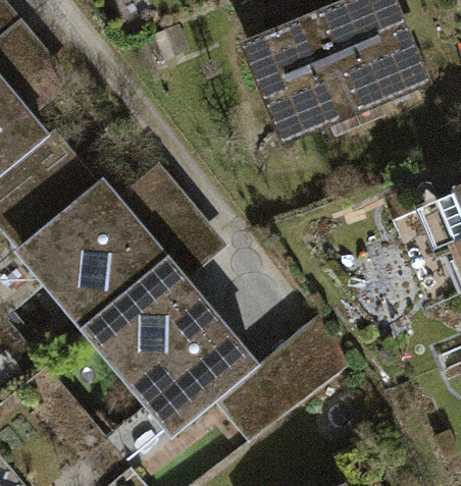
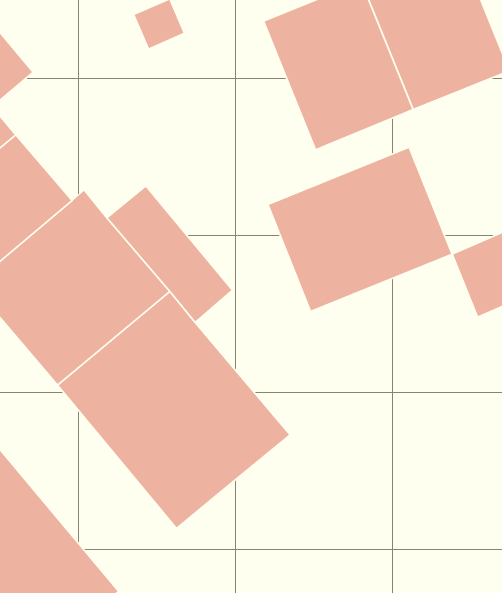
building: none -> [268,147,452,312]
building: [210,325,341,446] -> none

